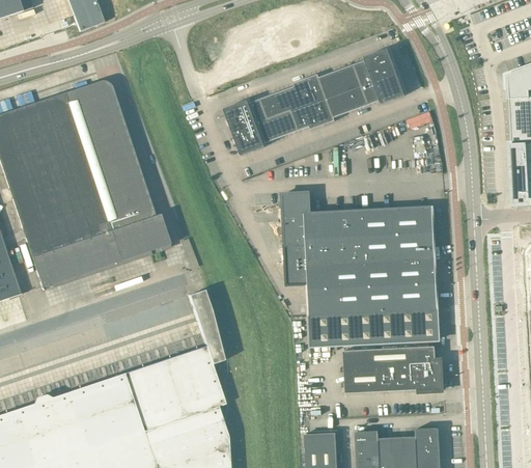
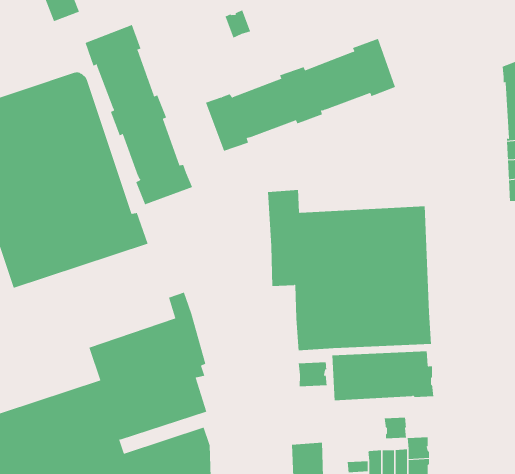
building: none -> [225,9,251,38]
building: none -> [85,24,193,205]
building: none -> [298,362,327,387]
building: [358,431,380,451] -> [384,417,407,439]

